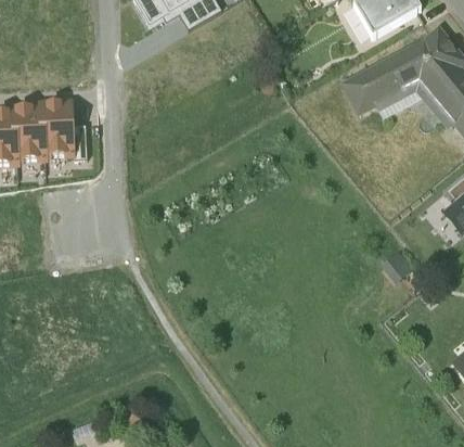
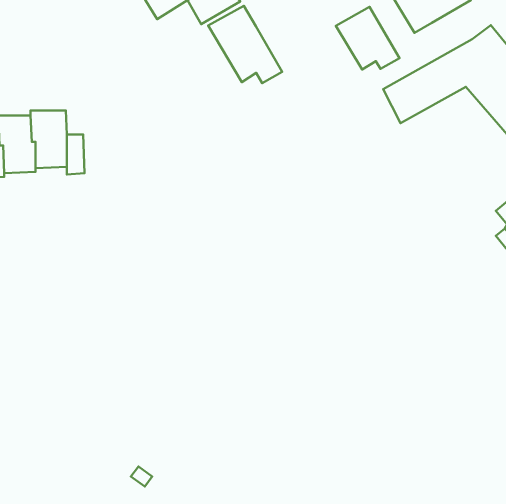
building: none -> [208,6,282,83]
building: none -> [336,7,399,70]

